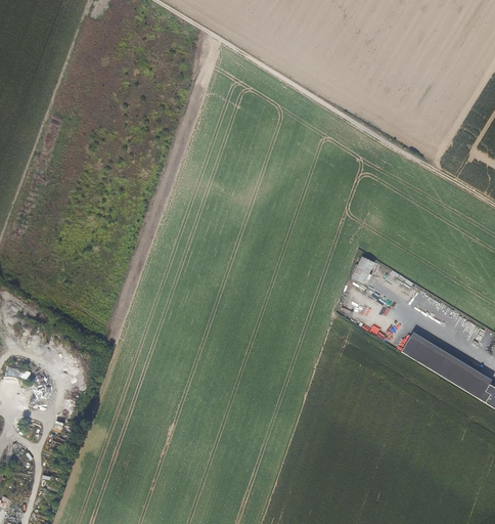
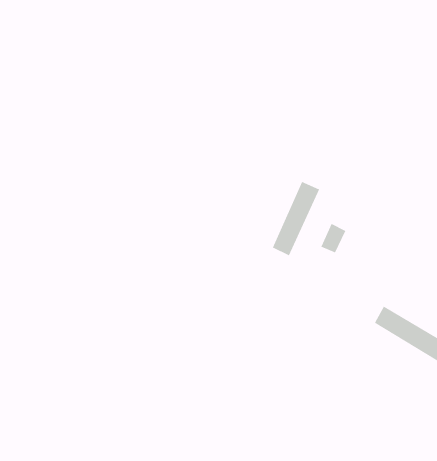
building: none -> [272,181,320,256]

